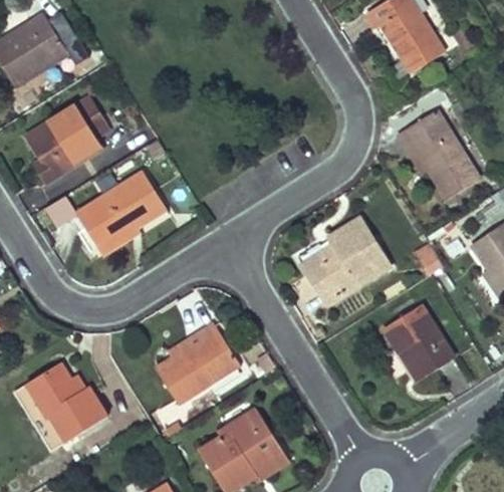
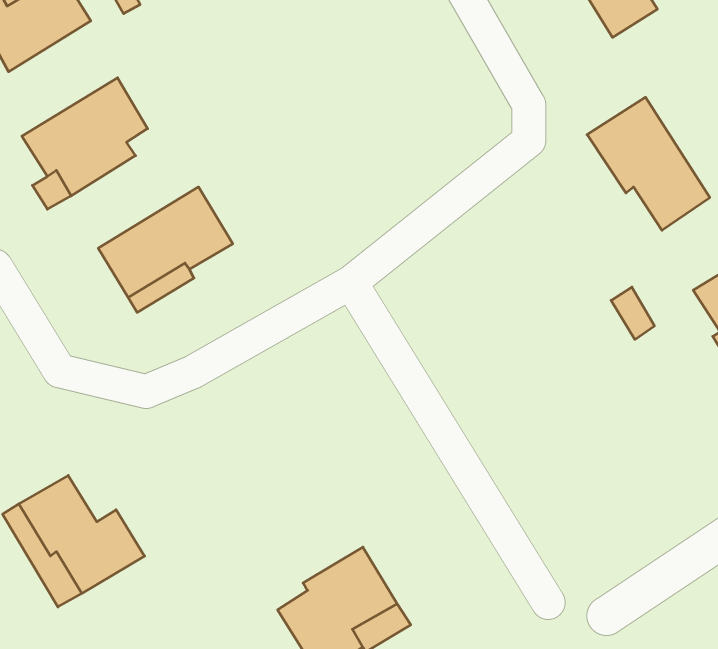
building: [300,215,394,301] -> none
building: [387,305,457,380] -> none
building: [156,325,237,406] -> none

